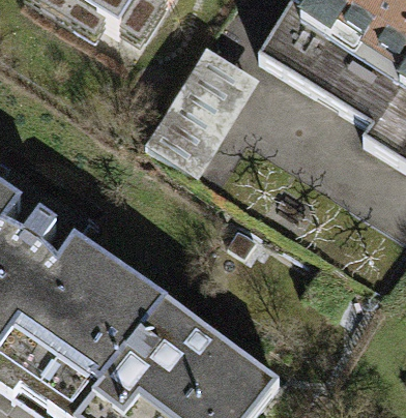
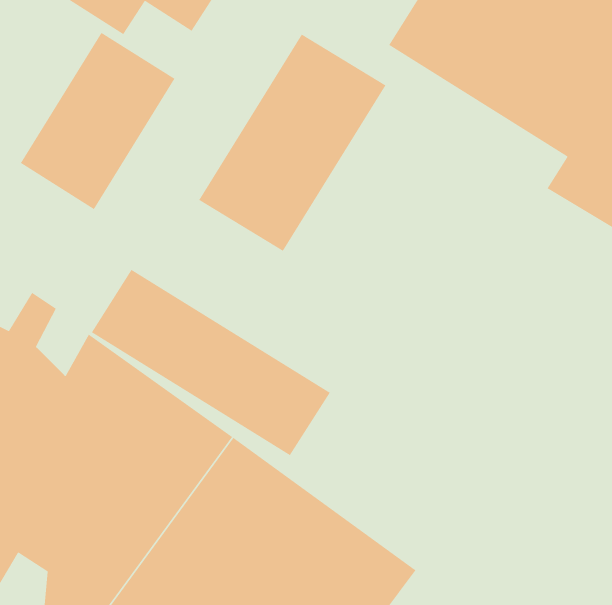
building: none -> [20,32,175,210]
building: none -> [91,269,331,456]

